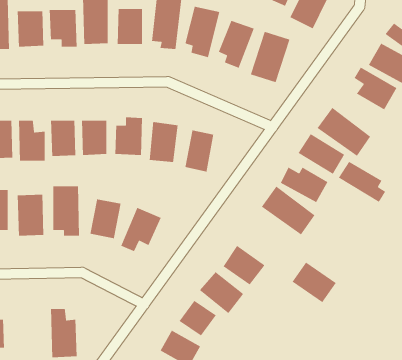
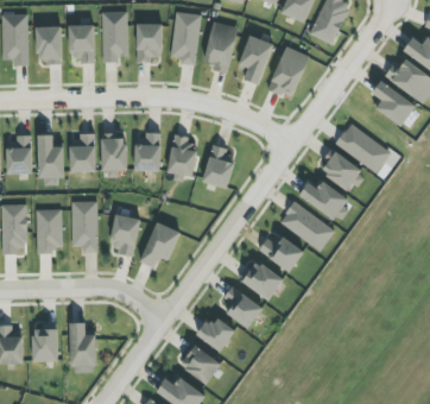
building: [338,161,386,203] -> none
building: [292,262,337,303] -> [258,231,303,272]
building: none -> [32,326,58,361]

